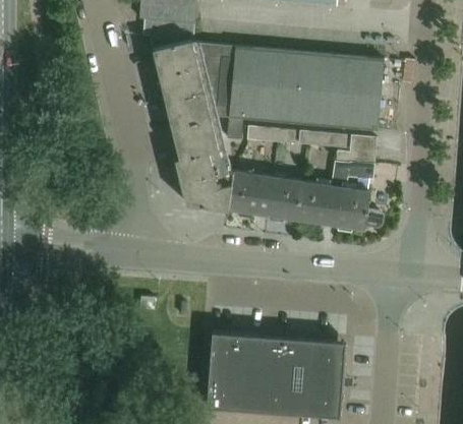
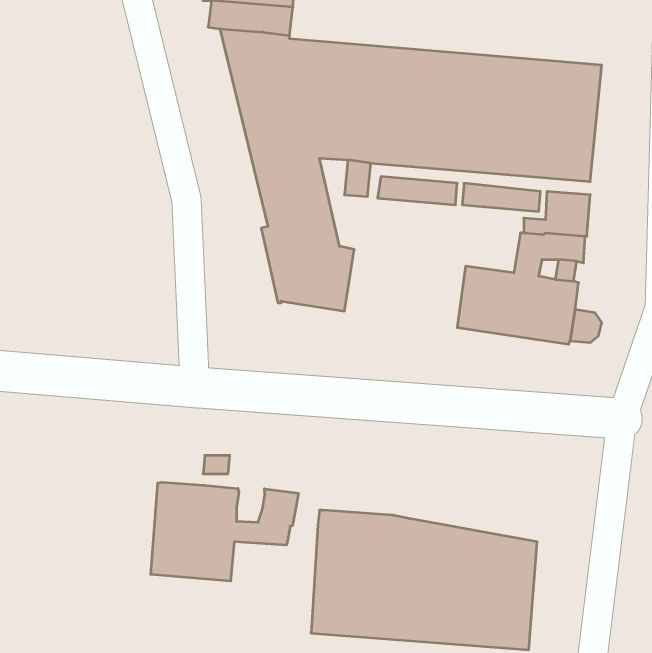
building: [227,172,301,220] -> none
building: none -> [151,482,298,581]

